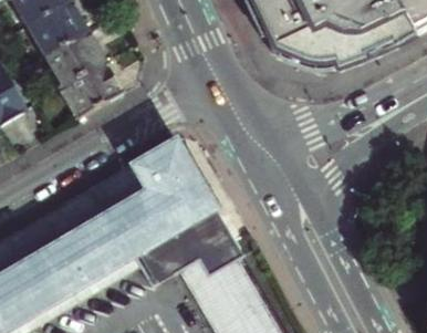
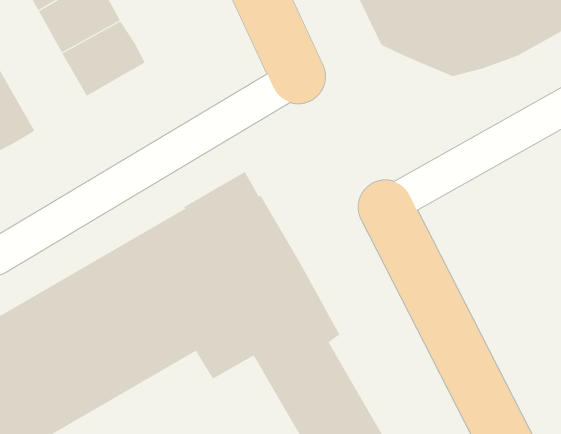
building: [59,59,123,117] -> none

